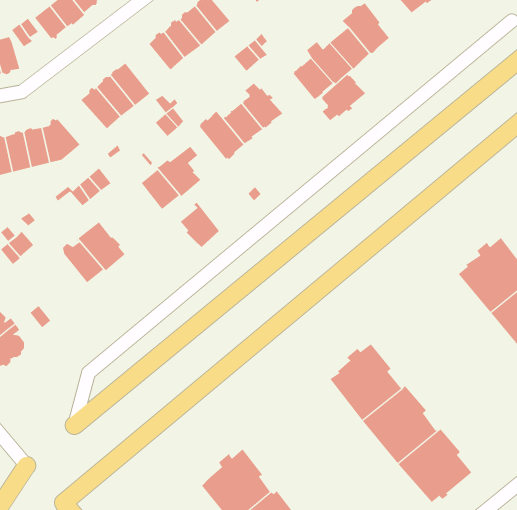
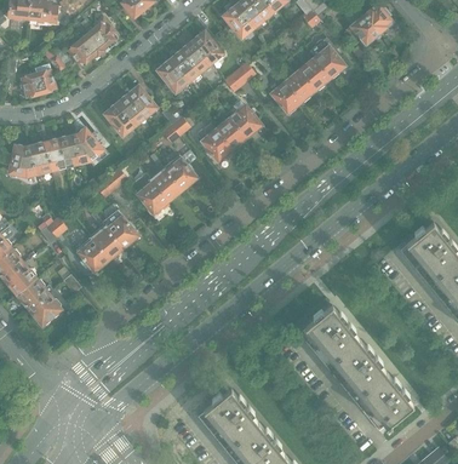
building: [320,74,366,121] -> none
building: [180,202,220,248] -> [137,178,168,214]
building: none -> [78,235,110,273]

